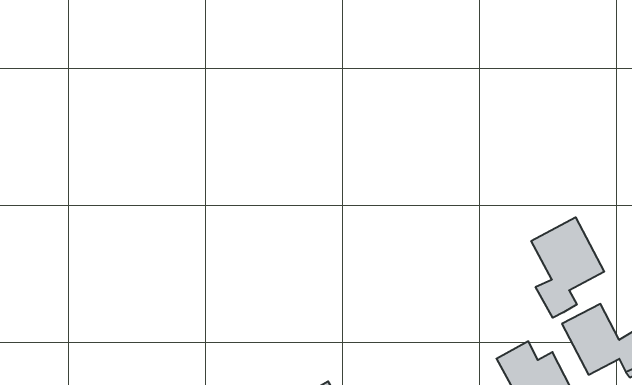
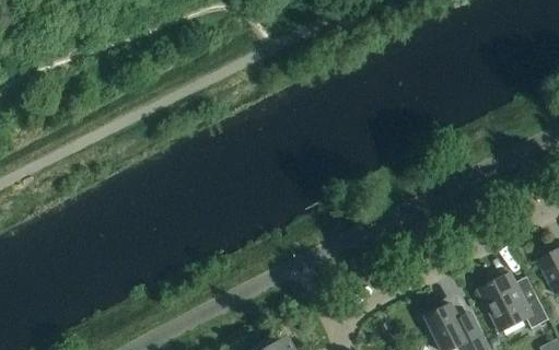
building: [531,217,604,318] -> none

